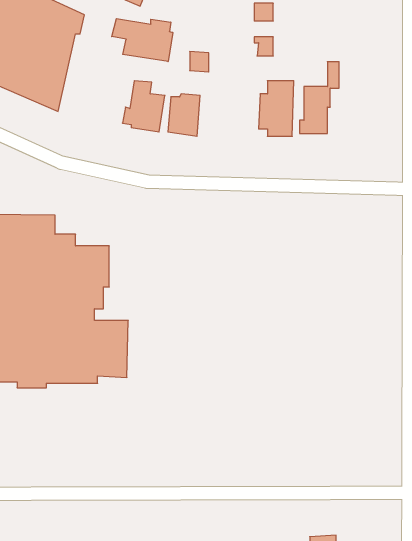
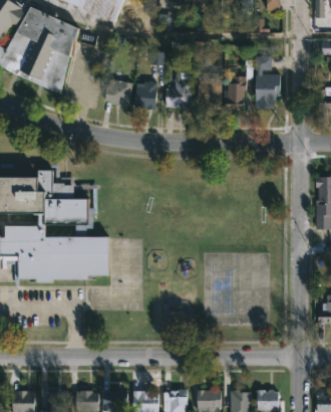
building: [112,19,173,62] -> none
building: none -> [256,55,282,108]
building: none -> [167,71,191,109]

